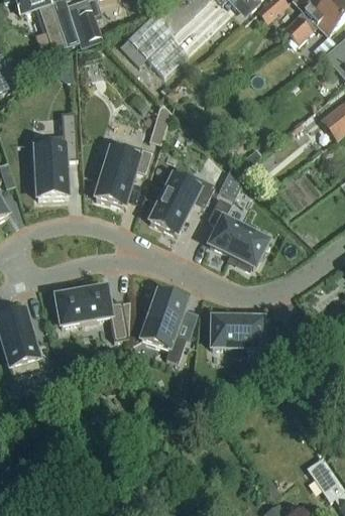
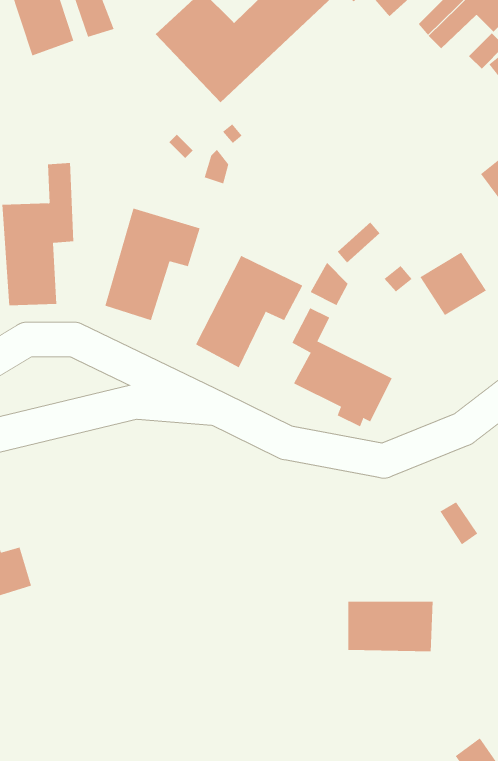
building: [55,287,128,341] -> none
building: [141,291,187,362] -> none
building: [212,317,263,348] -> [347,601,433,652]

